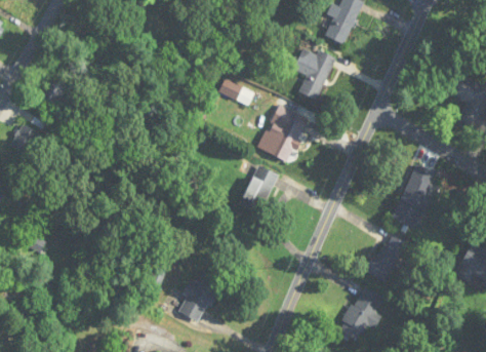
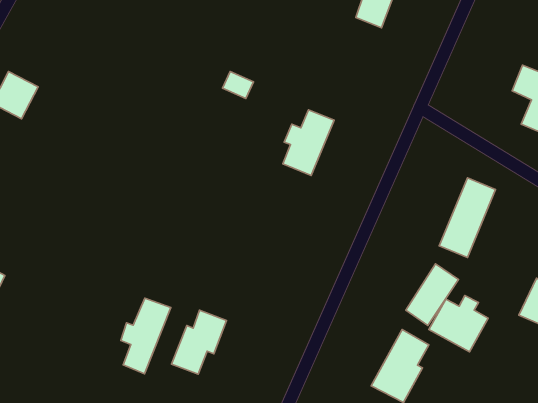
building: [292,45,333,99] -> none
building: [239,164,278,212] -> none
building: none -> [429,296,488,352]
building: none -> [121,298,171,374]

